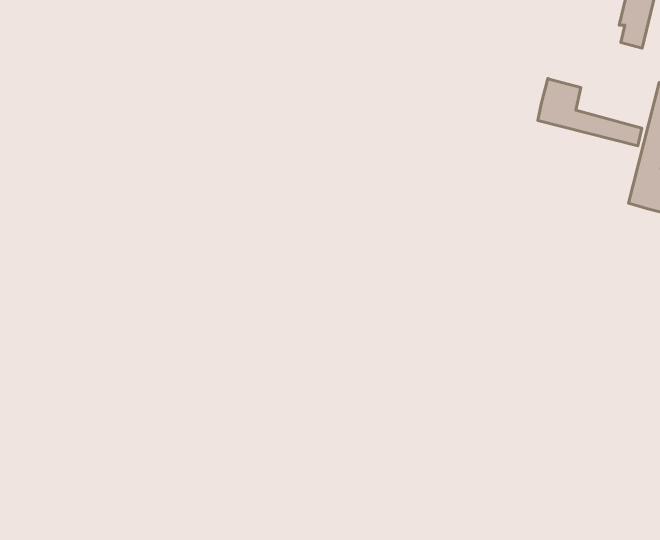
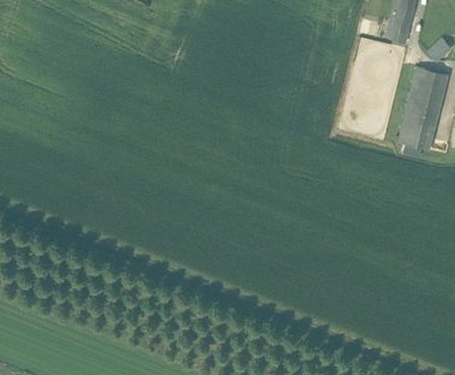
building: [538,79,642,146] -> none

